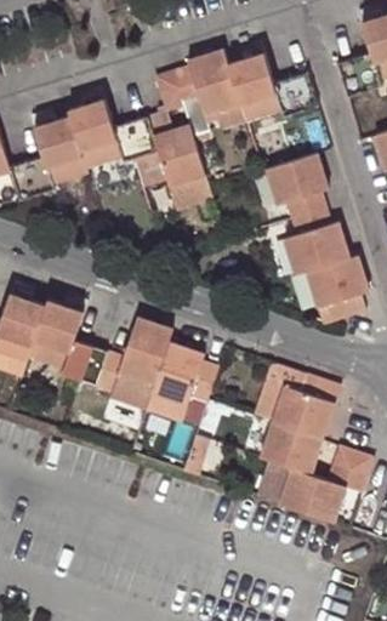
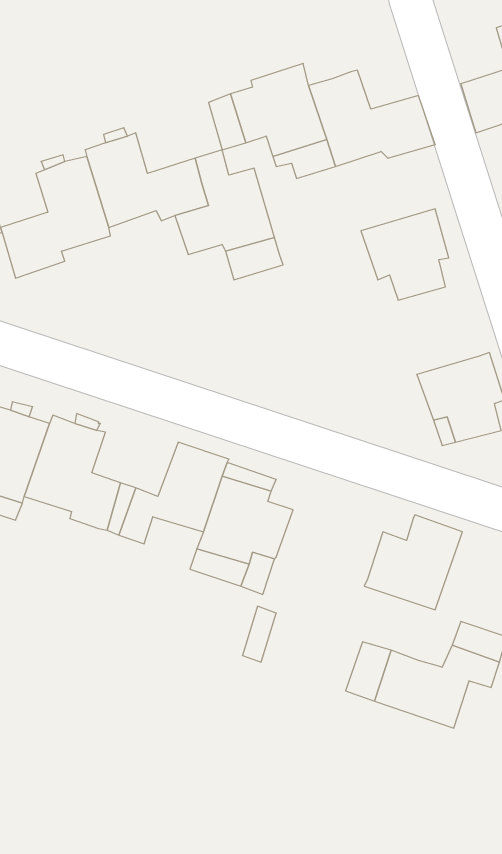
building: [284,207,351,273] -> none
building: [255,363,303,417] -> none
building: [257,422,319,475] -> none

